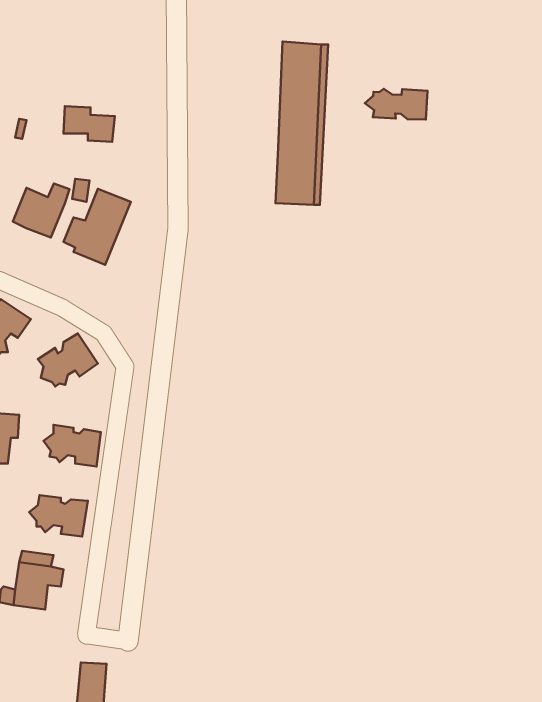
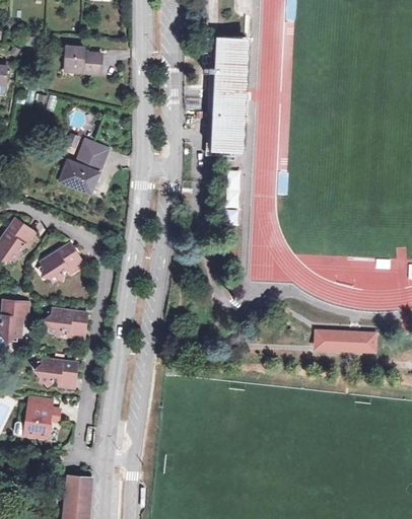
building: [365,89,427,120] -> none
building: [63,106,115,142] -> [64,48,100,73]
building: [13,183,69,237] -> none
building: none -> [313,329,373,350]

